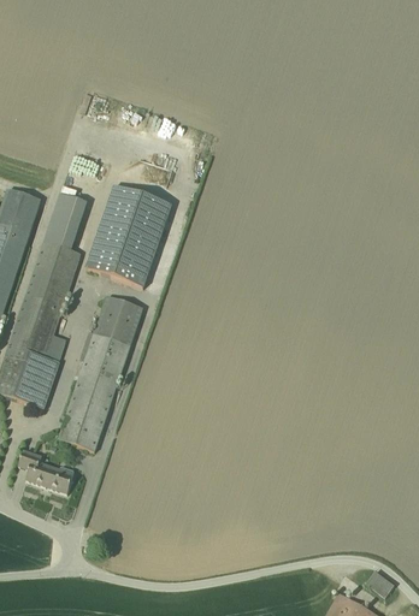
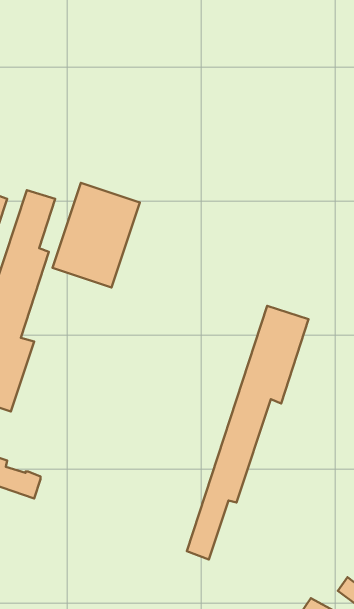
building: [58,295,142,450] -> none
building: none -> [187,306,309,559]

